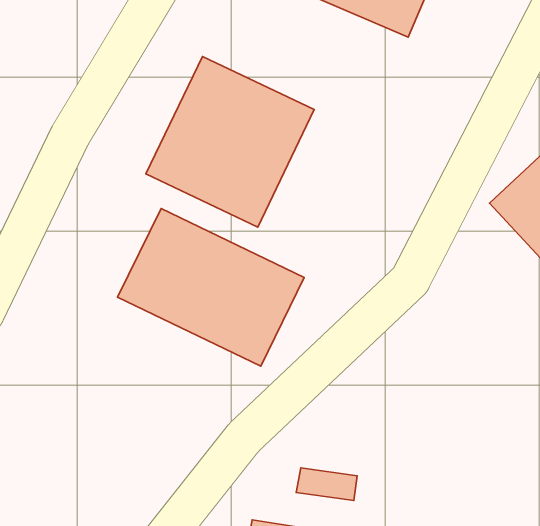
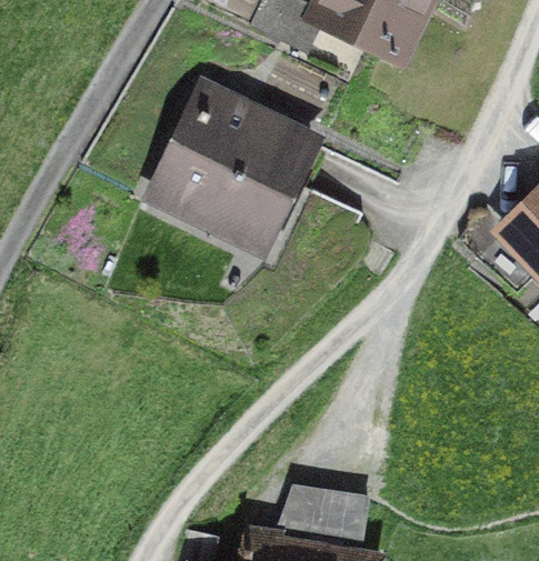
building: [118,208,304,366] -> none

